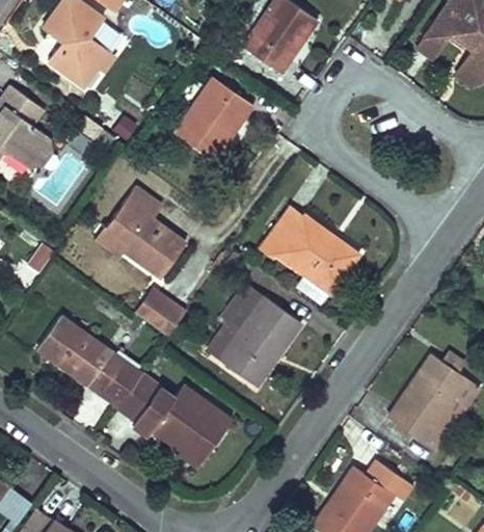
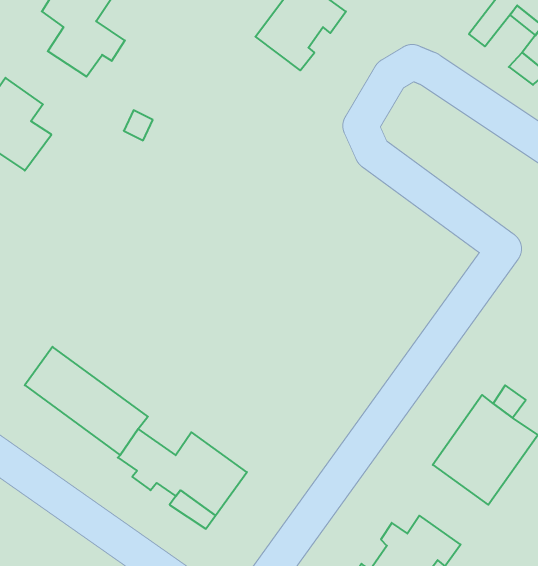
building: [172,80,251,162] -> none
building: [107,187,185,280] -> none
building: [273,205,358,291] -> none
building: [137,288,188,336] -> none
building: [217,288,302,387] -> none

